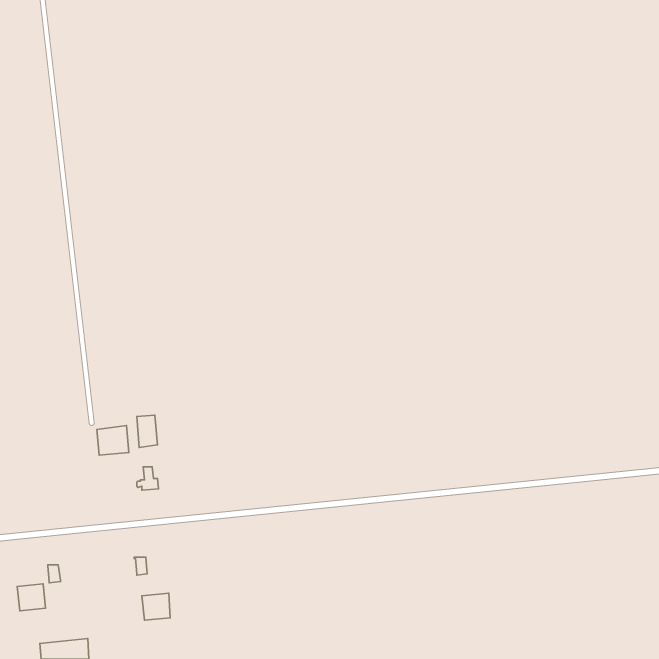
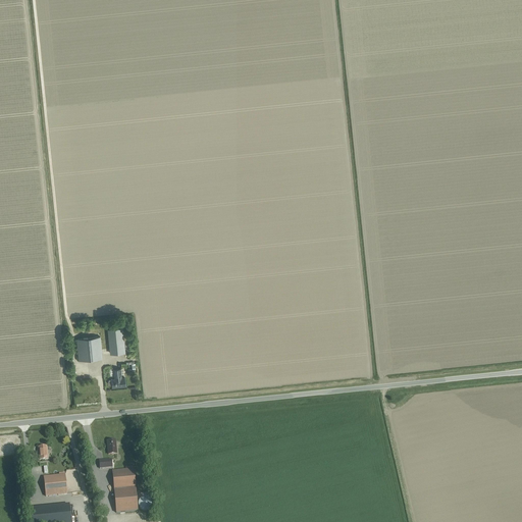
building: [17,584,46,611] -> [44,475,66,497]
building: none -> [114,488,138,515]

